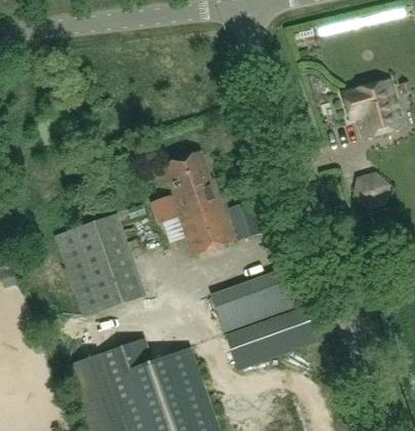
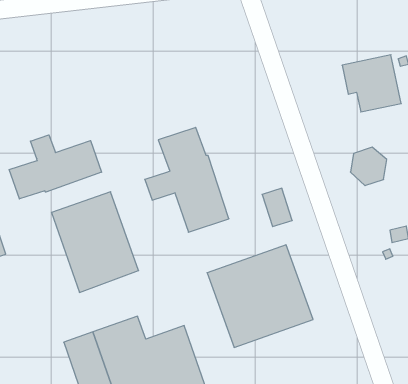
building: none -> [9,135,102,199]
building: [227,201,257,239] -> [262,188,292,227]

